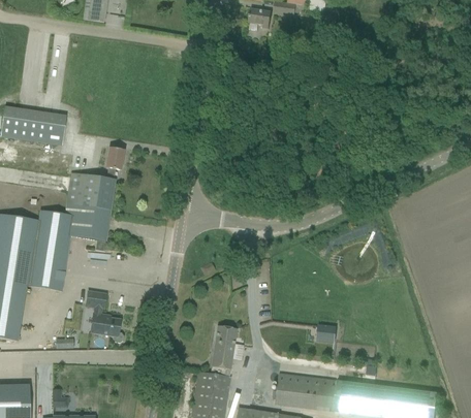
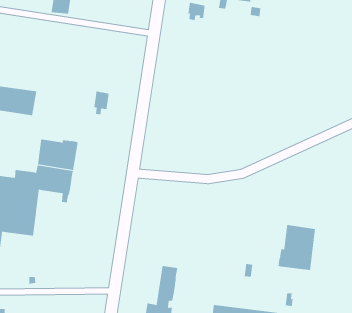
building: [104,148,124,176] -> [93,91,110,115]
building: none -> [278,224,316,271]
building: [86,291,123,343] -> none

